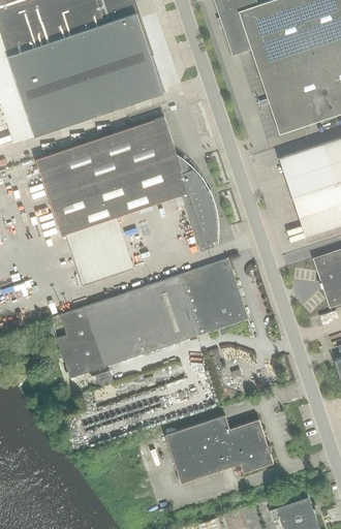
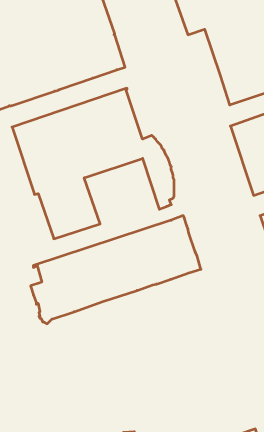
building: [165,414,274,483] -> none

